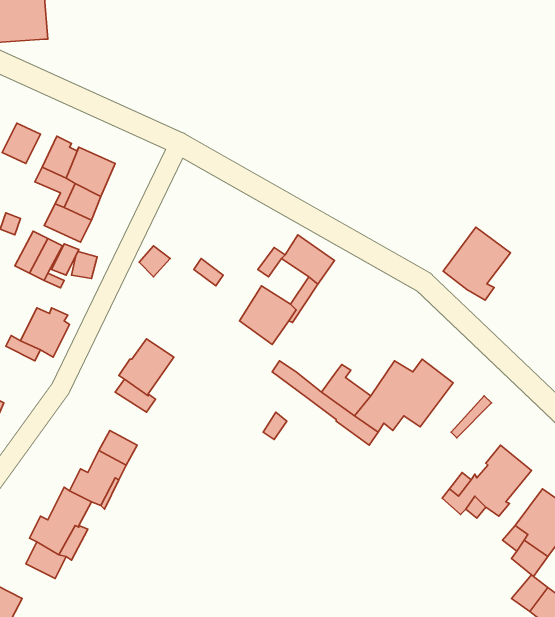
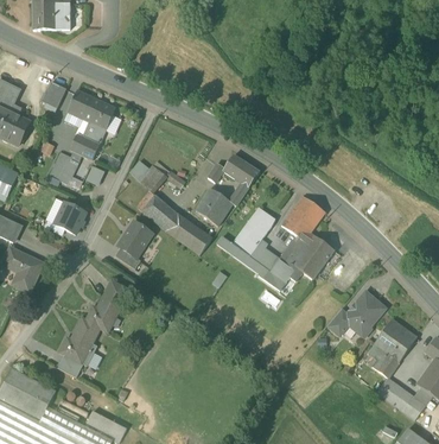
building: [443,227,511,300] -> [281,196,325,243]
building: none -> [139,190,212,254]
building: none -> [233,207,275,256]

